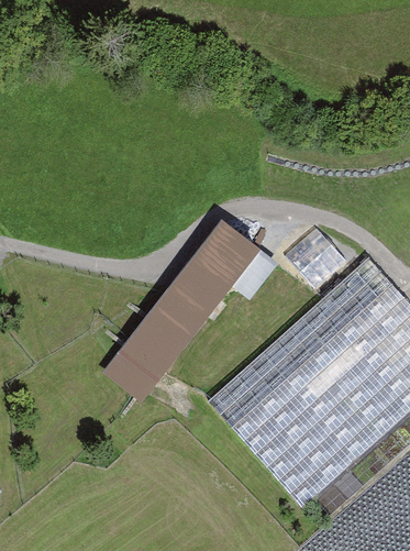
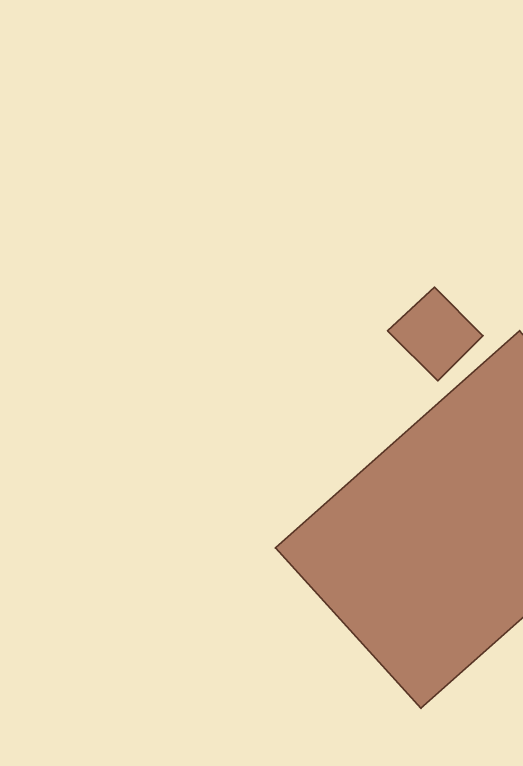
building: [106,219,276,398] -> none

